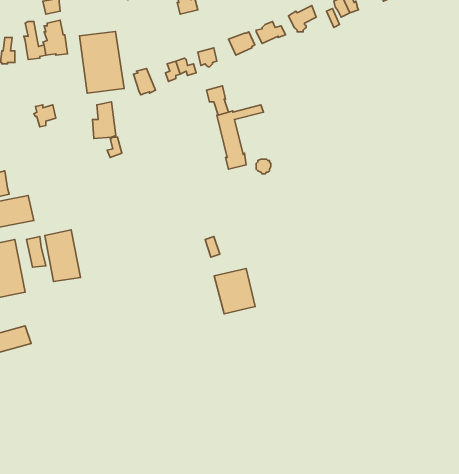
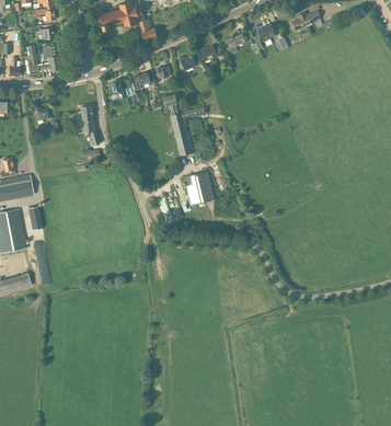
building: [80,32,124,93] -> none
building: [45,230,81,282] -> none
building: [214,268,255,314] -> [183,171,214,205]

